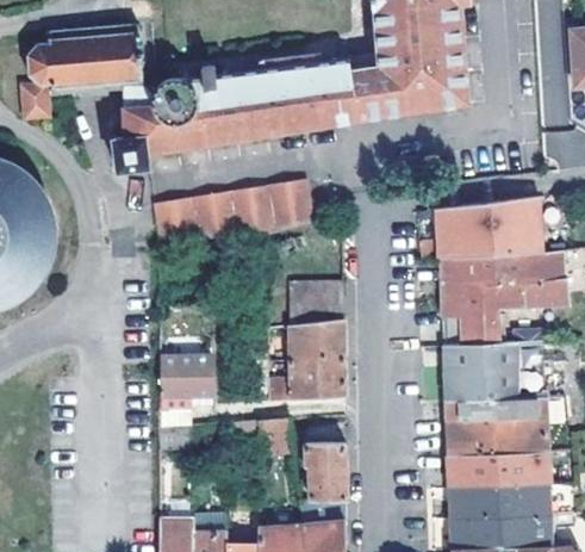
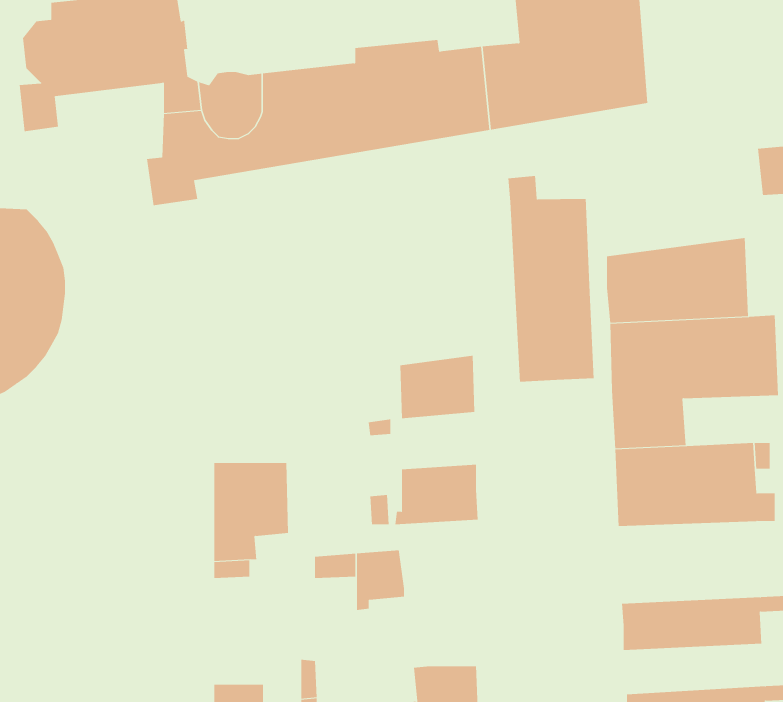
building: none -> [508,175,594,382]
building: [154,180,313,241] -> none
building: [292,320,346,360] -> none
building: [446,397,547,455] -> none
building: [306,442,346,500] -> none
building: [449,484,550,520] -> none

